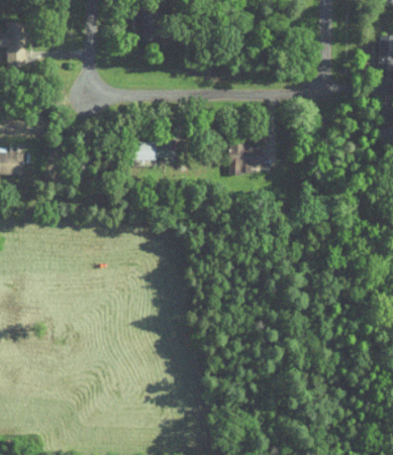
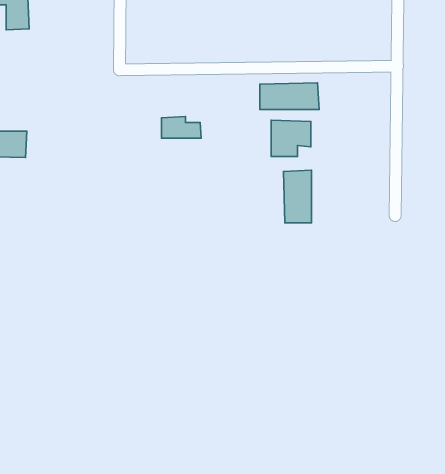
building: none -> [260,83,319,109]
building: none -> [284,170,311,223]

